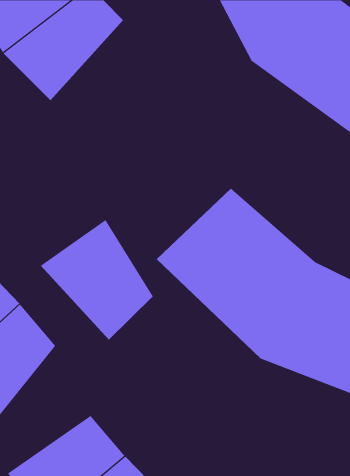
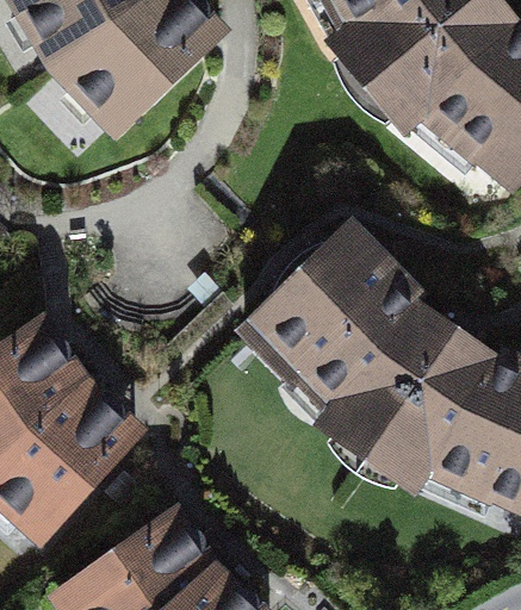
building: [40,219,154,341] -> none

